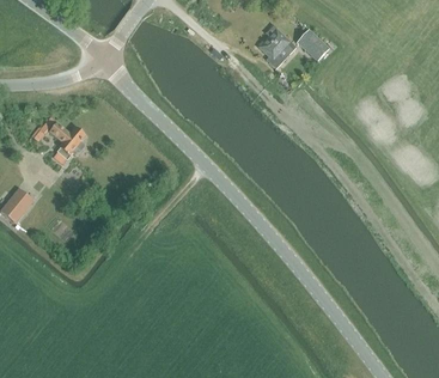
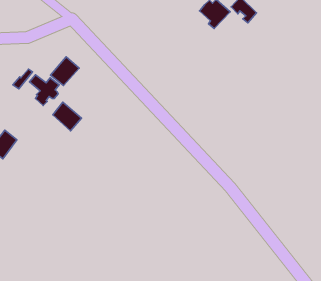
building: none -> [50,57,79,86]
building: none -> [53,102,81,131]

